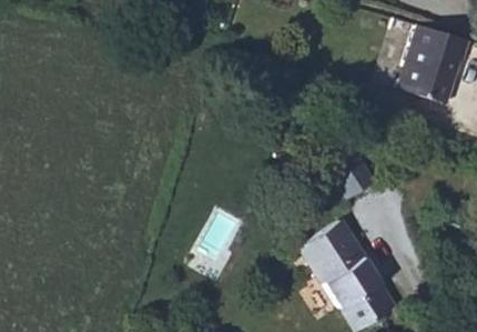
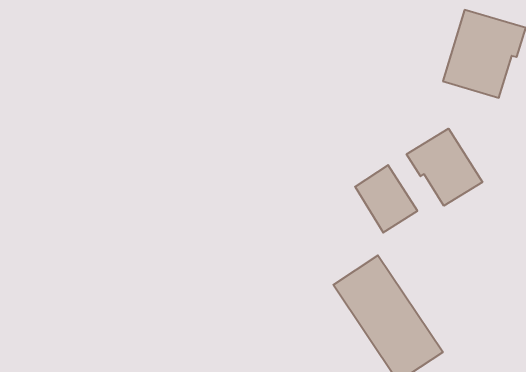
building: none -> [407,129,482,206]

